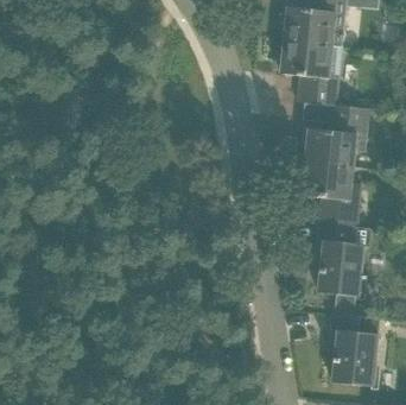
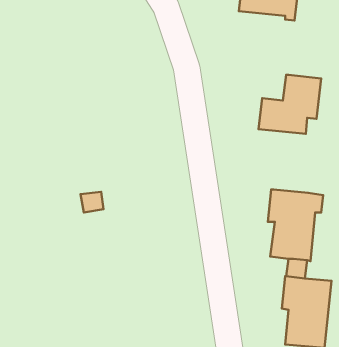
building: [281,39,342,105] -> none
building: [302,160,361,226] -> none

